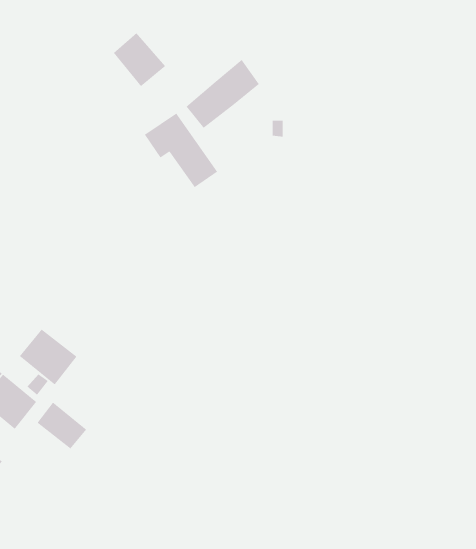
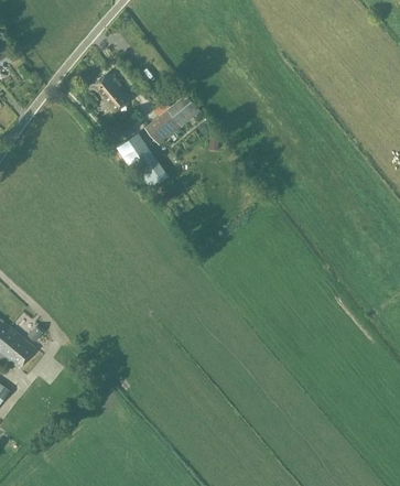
building: [19,329,78,385] -> none
building: [36,402,87,450] -> none

